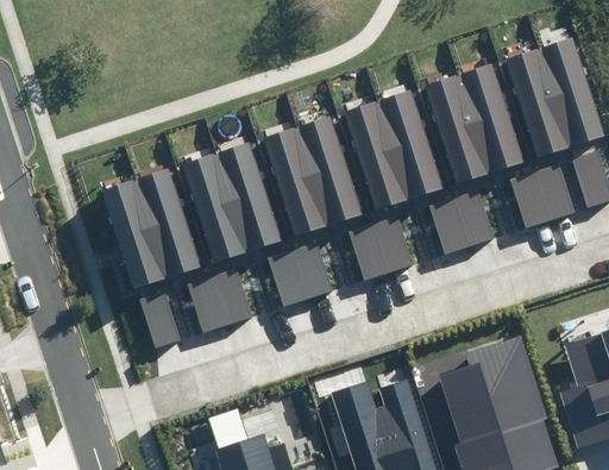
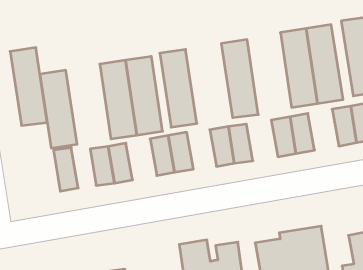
building: [379,90,445,201] -> none
building: [297,117,363,226] -> none
building: [138,170,203,280] -> [10,48,47,125]

